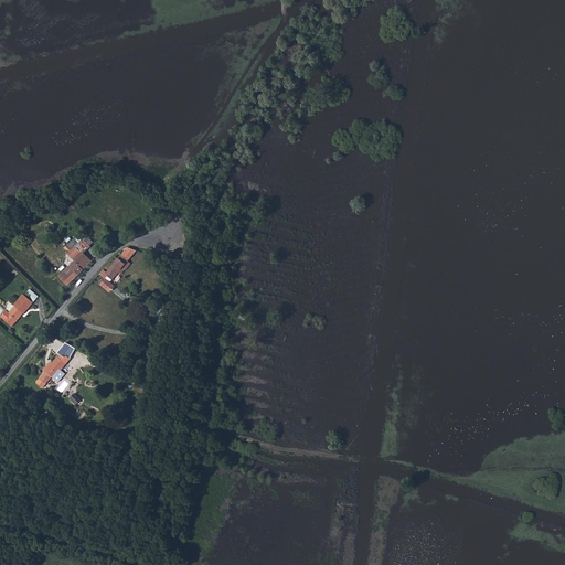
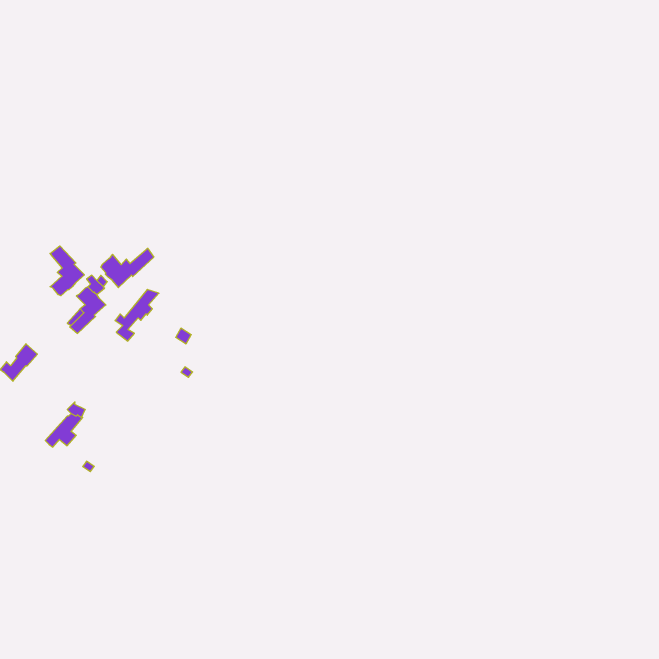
building: none -> [50,246,84,296]
building: none -> [101,248,154,288]

